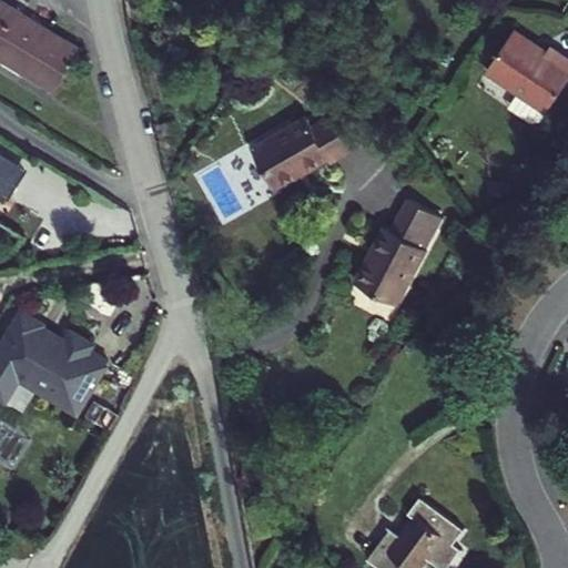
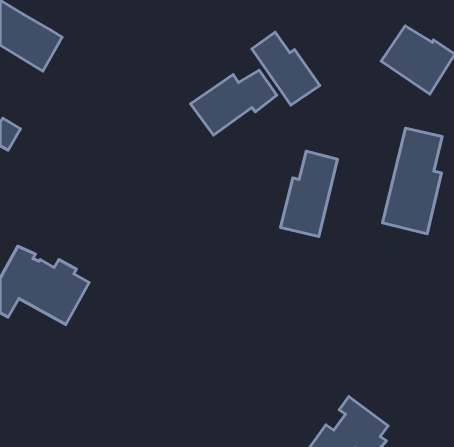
building: none -> [252,32,320,105]
building: none -> [383,128,442,234]

